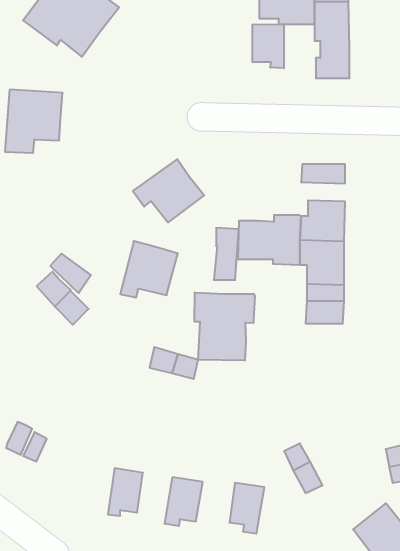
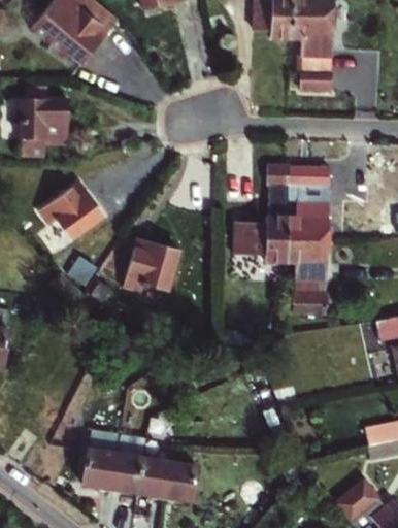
building: [252,24,284,68] -> none
building: [133,159,204,222] -> [39,179,104,237]
building: [214,228,239,280] -> [266,167,289,214]
building: [195,292,255,361] -> none
building: none -> [86,441,118,488]
building: [229,483,264,534] -> [138,450,170,496]

